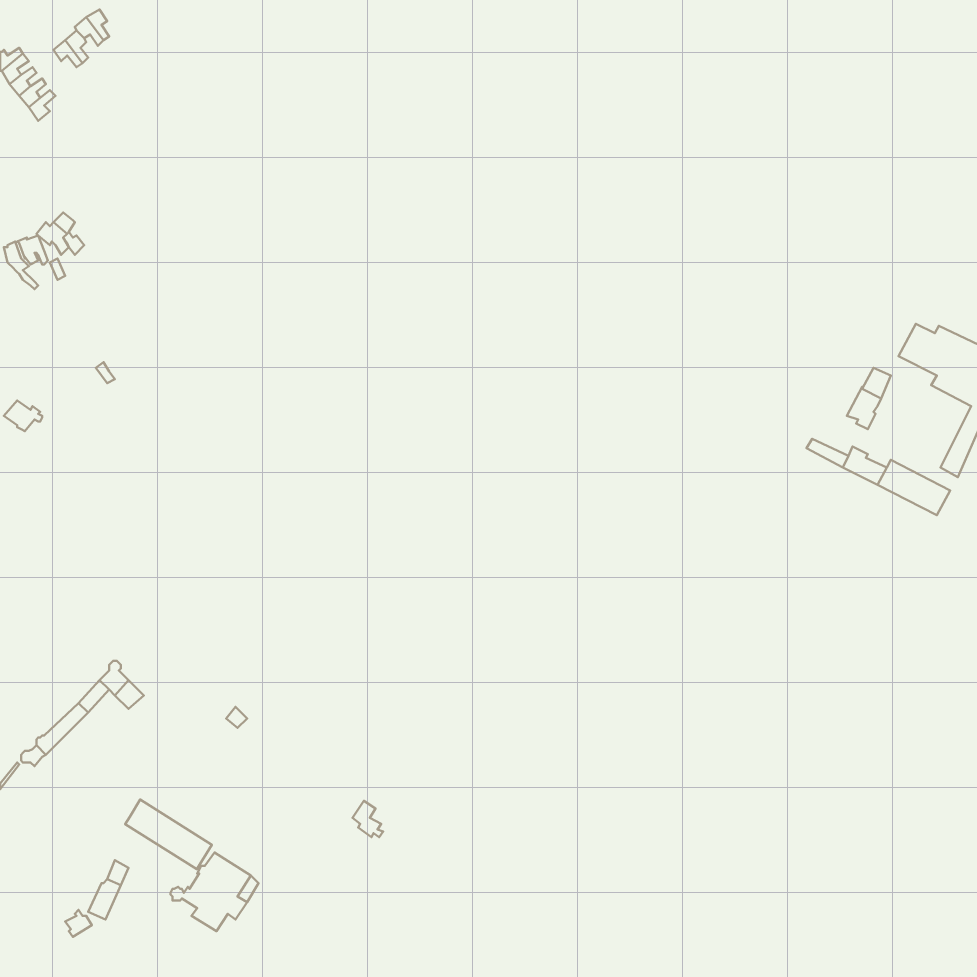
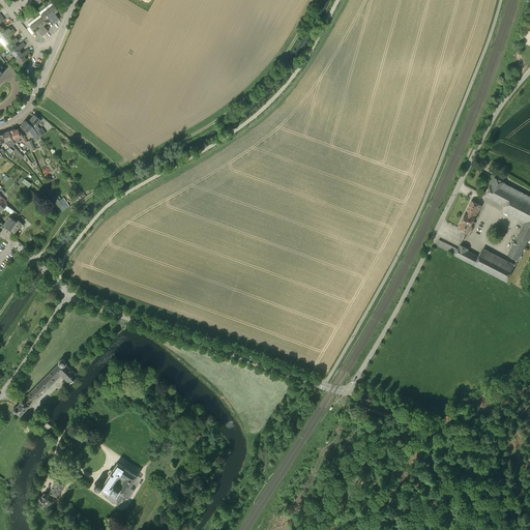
building: [125,799,212,869] -> none

